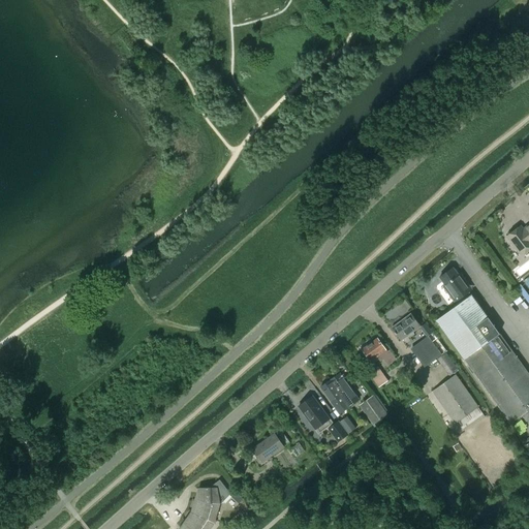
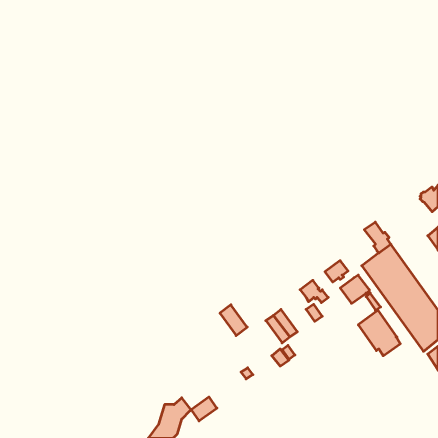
building: [359,394,387,424] -> none
building: [299,396,332,433] -> [220,305,247,336]
building: [253,433,284,462] -> [191,397,217,421]

